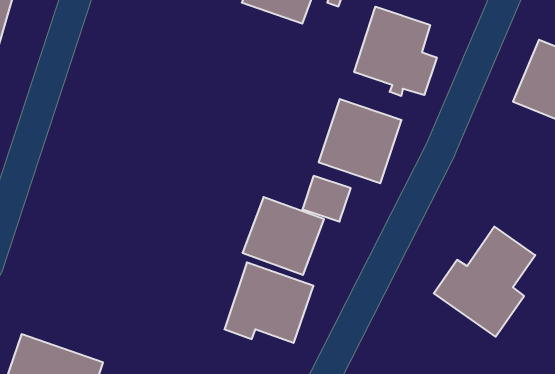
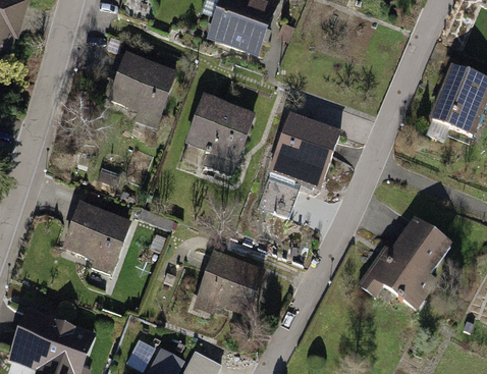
building: [354,7,437,96] -> none
building: none -> [108,52,175,126]
building: [242,197,324,275] -> [185,96,253,160]
building: none -> [62,204,128,271]

